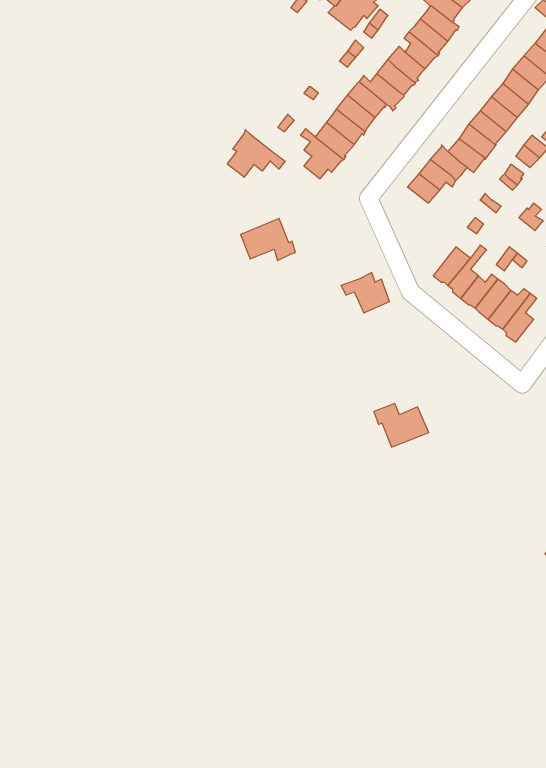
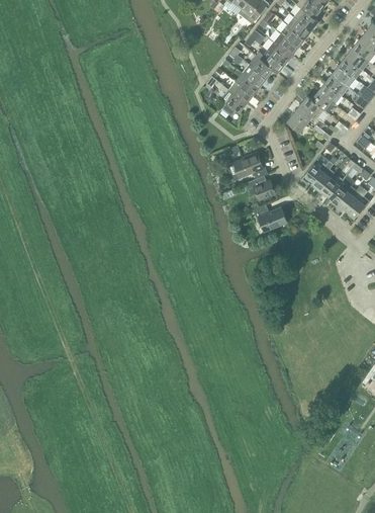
building: [227,130,285,177] -> none
building: [240,218,295,261] -> [232,153,267,179]
building: [374,403,429,447] -> [253,204,287,232]

